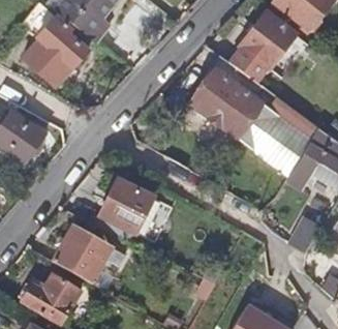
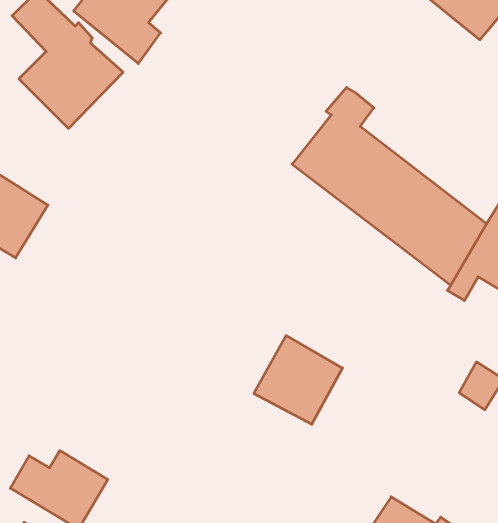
building: [229,13,290,82] -> none
building: [100,178,154,232] -> [254,336,343,424]
building: [51,223,114,285] -> none

